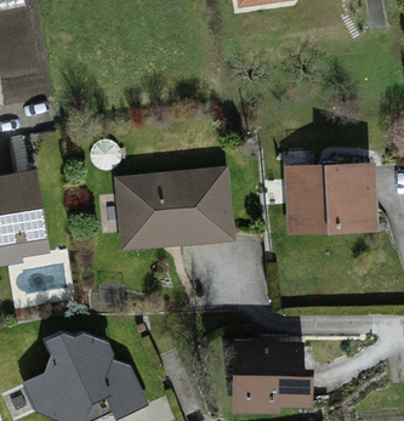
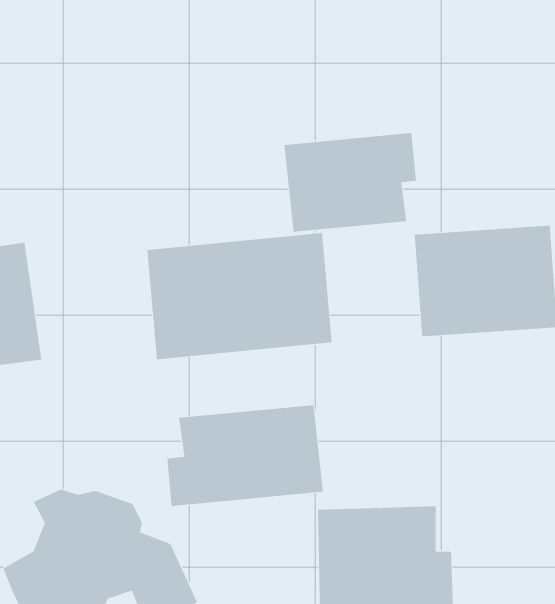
building: none -> [284,132,416,233]
building: none -> [167,405,323,507]

